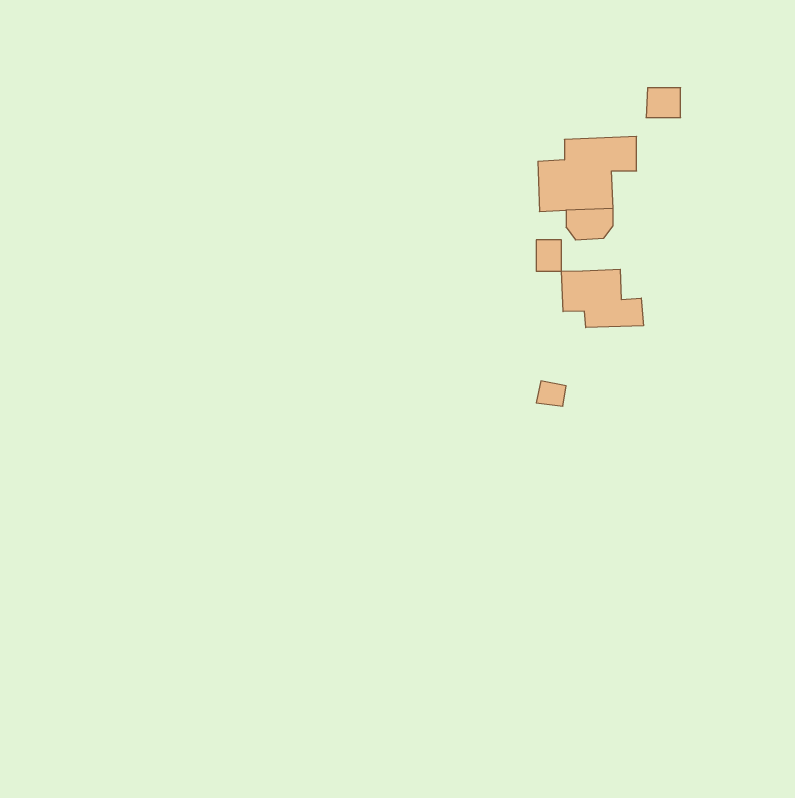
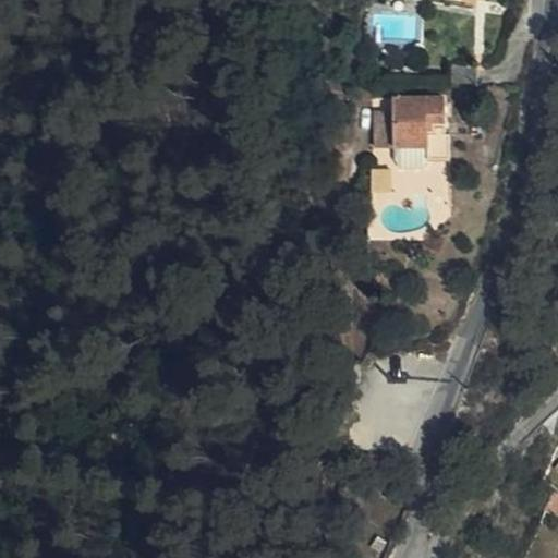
building: [561,269,643,328] -> none

